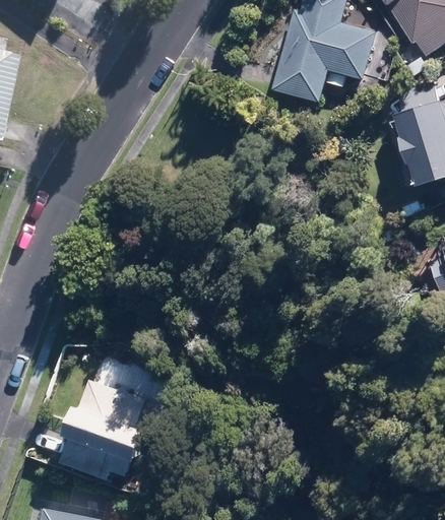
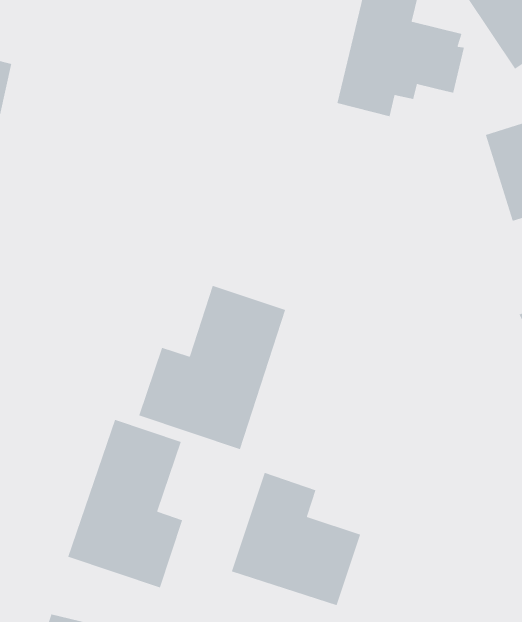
building: none -> [138,285,286,450]
building: none -> [231,472,361,606]

